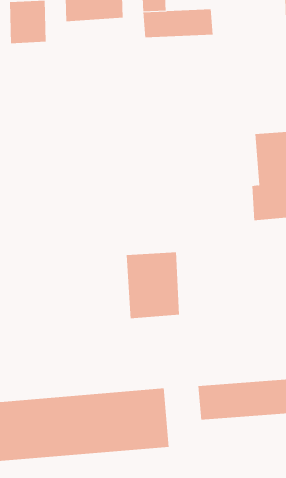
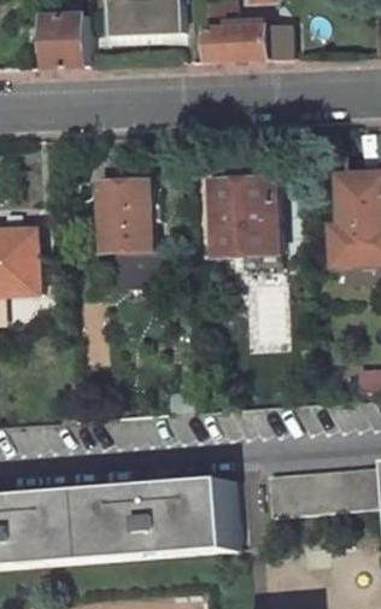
building: none -> [93,180,147,247]
building: [126,252,180,319] -> [213,174,279,254]

